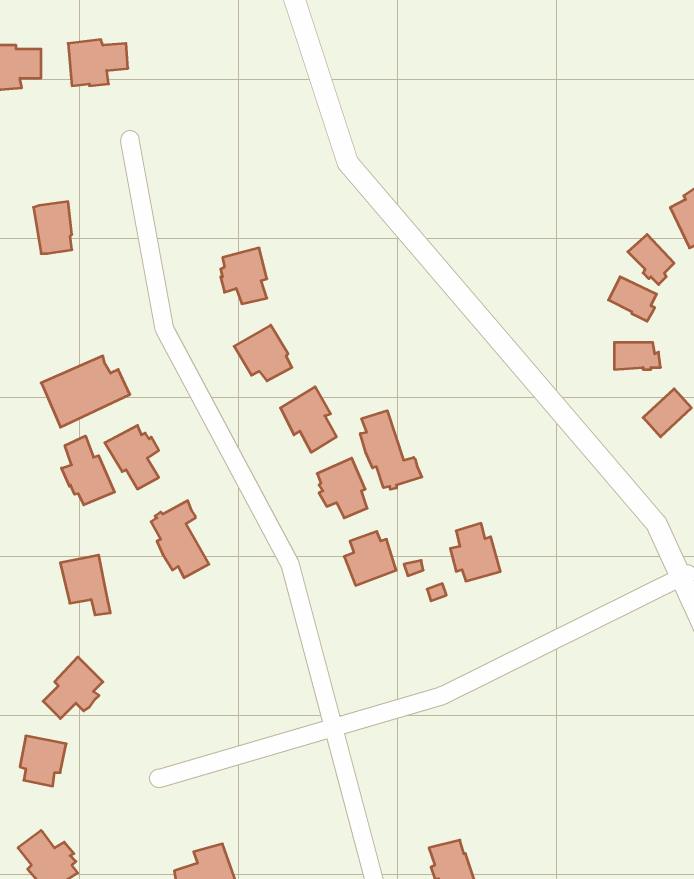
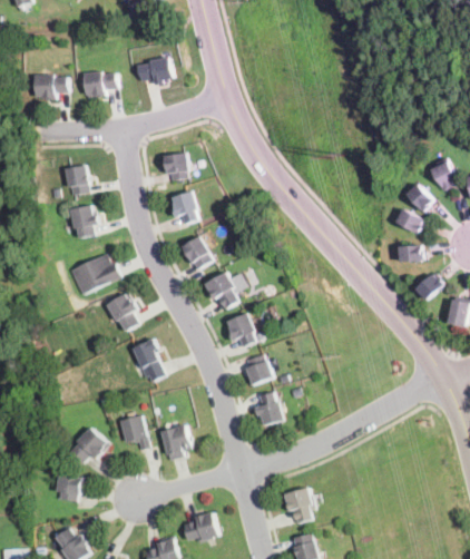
building: none -> [139,57,174,86]
building: none -> [164,153,189,180]
building: none -> [69,205,98,238]
building: [360,411,422,489] -> none
building: [61,436,115,505] -> none
building: [450,523,500,581] -> [256,392,285,425]
building: [60,555,110,615] -> [119,415,148,450]
building: none -> [161,425,193,460]
building: none -> [283,488,314,523]
building: none -> [184,512,221,542]

